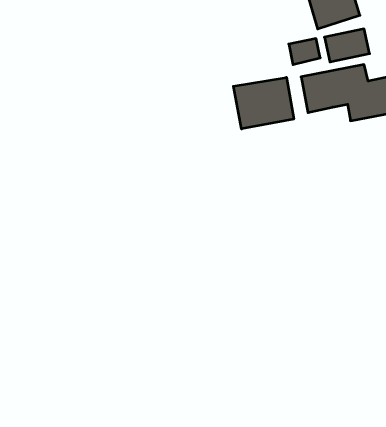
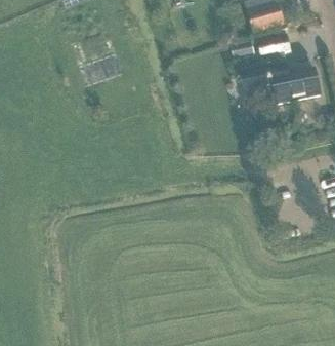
building: [233,77,294,129] -> none

